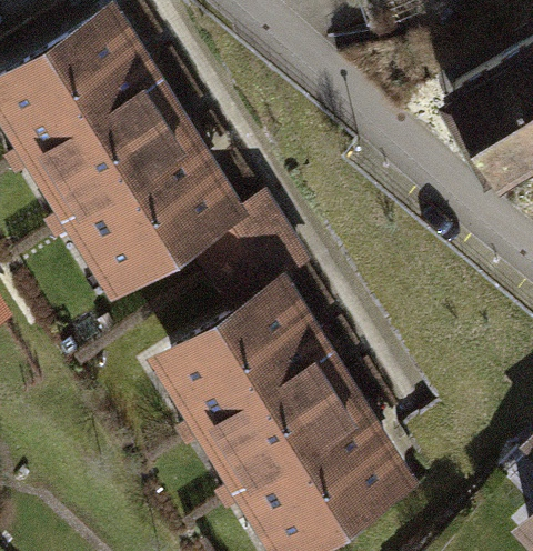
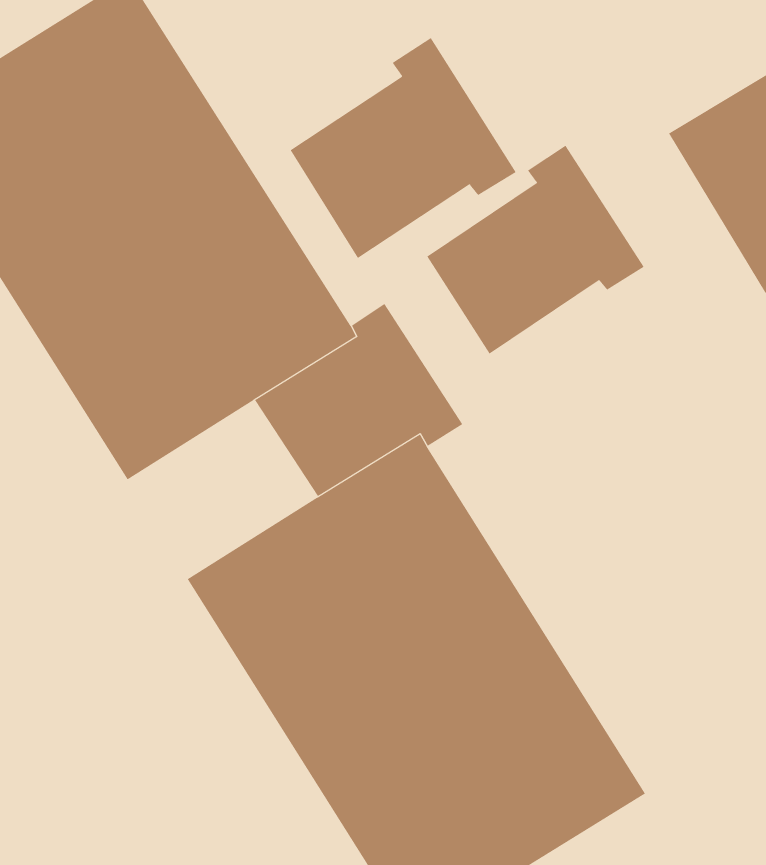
building: none -> [290,37,516,259]
building: none -> [427,145,645,355]

